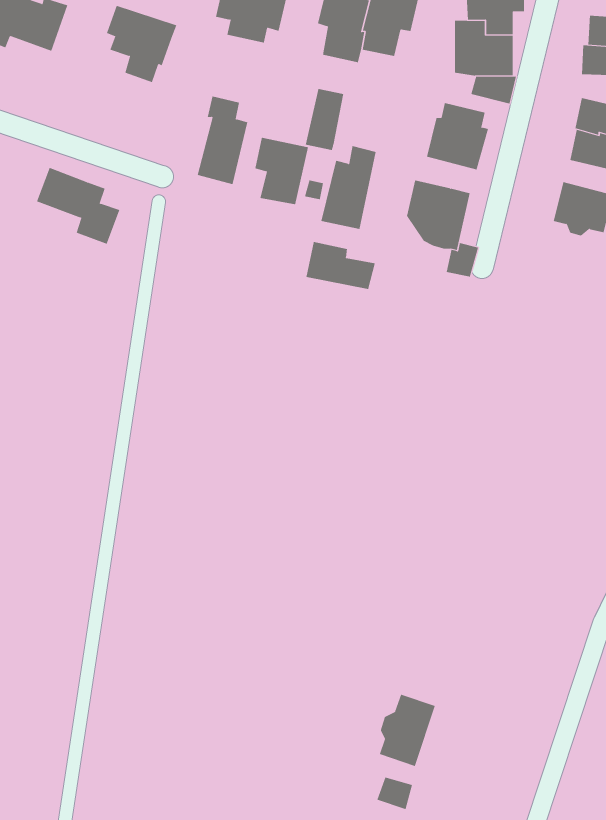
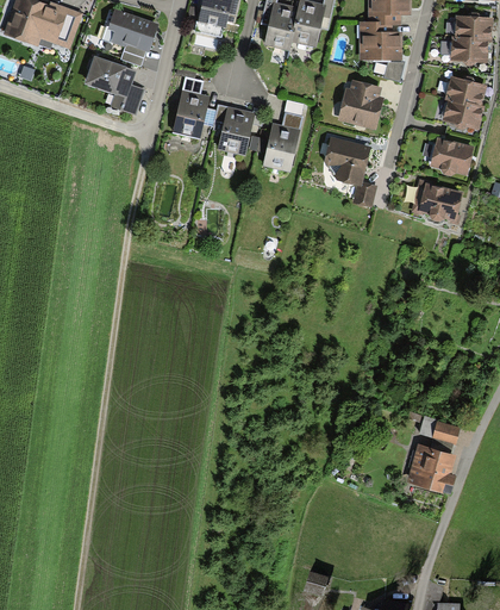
building: [305,88,344,151] -> none
building: [36,167,120,245] -> [82,57,143,113]
building: none -> [411,180,462,222]
building: [306,241,375,290] -> none
building: none -> [406,424,457,490]
building: [379,694,436,767] -> none

